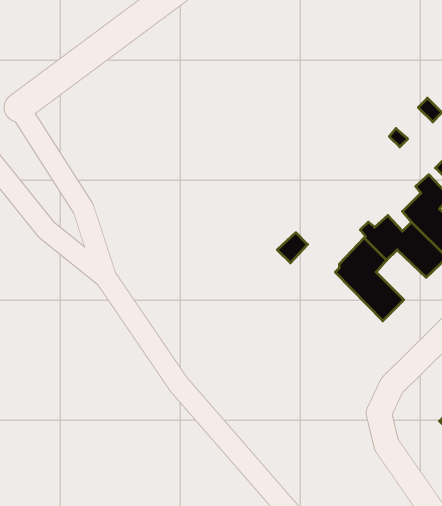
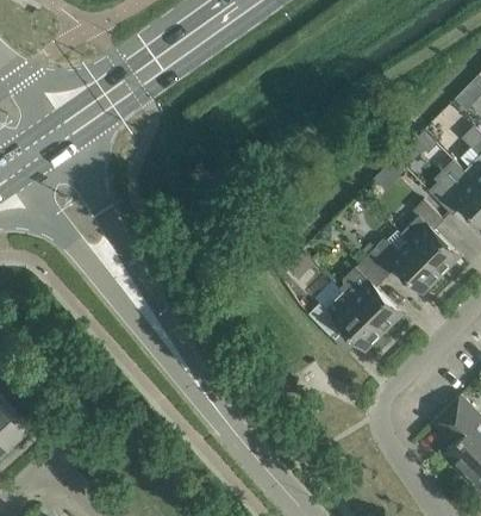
building: none -> [308,288,382,352]

